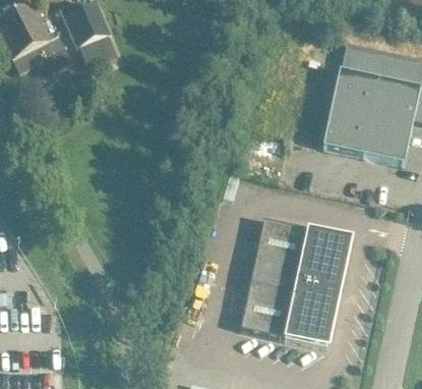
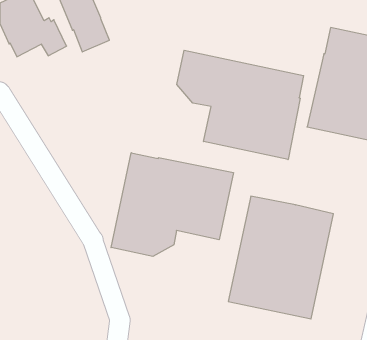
building: none -> [177,50,304,160]
building: none -> [111,153,233,256]

